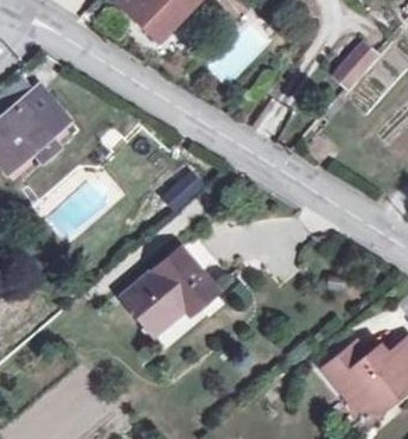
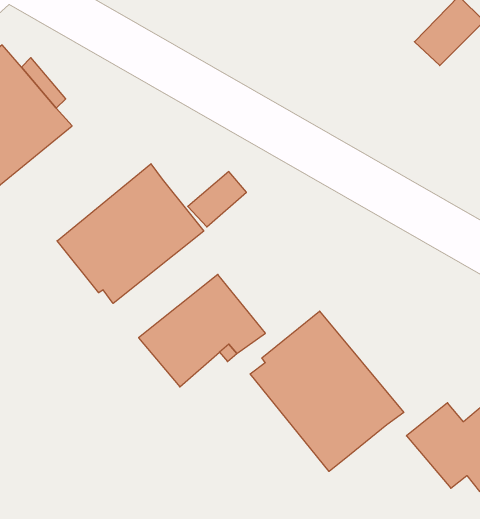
building: none -> [57,164,204,303]
building: none -> [250,311,404,471]

